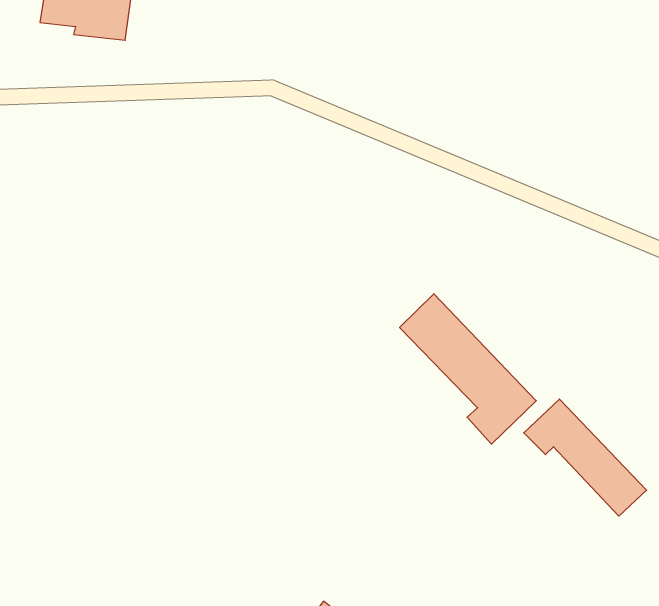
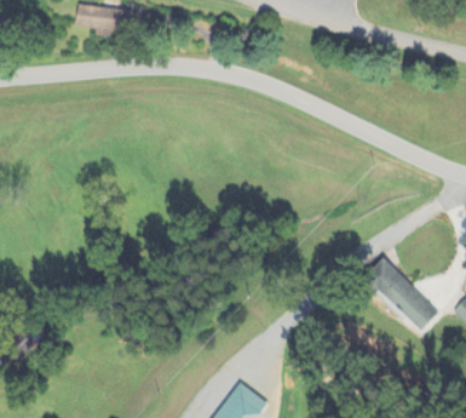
building: [400,294,536,444] -> none

